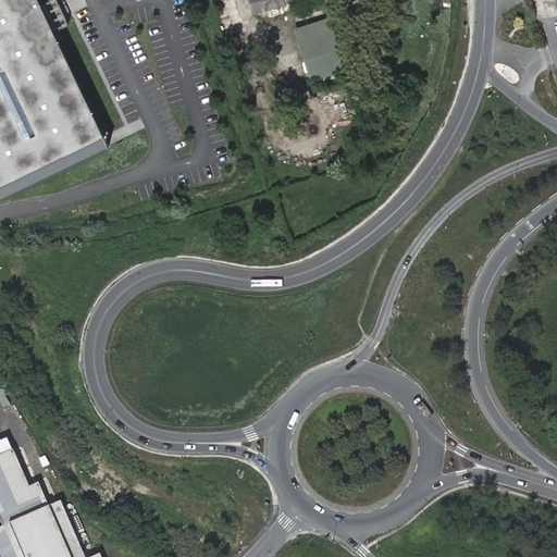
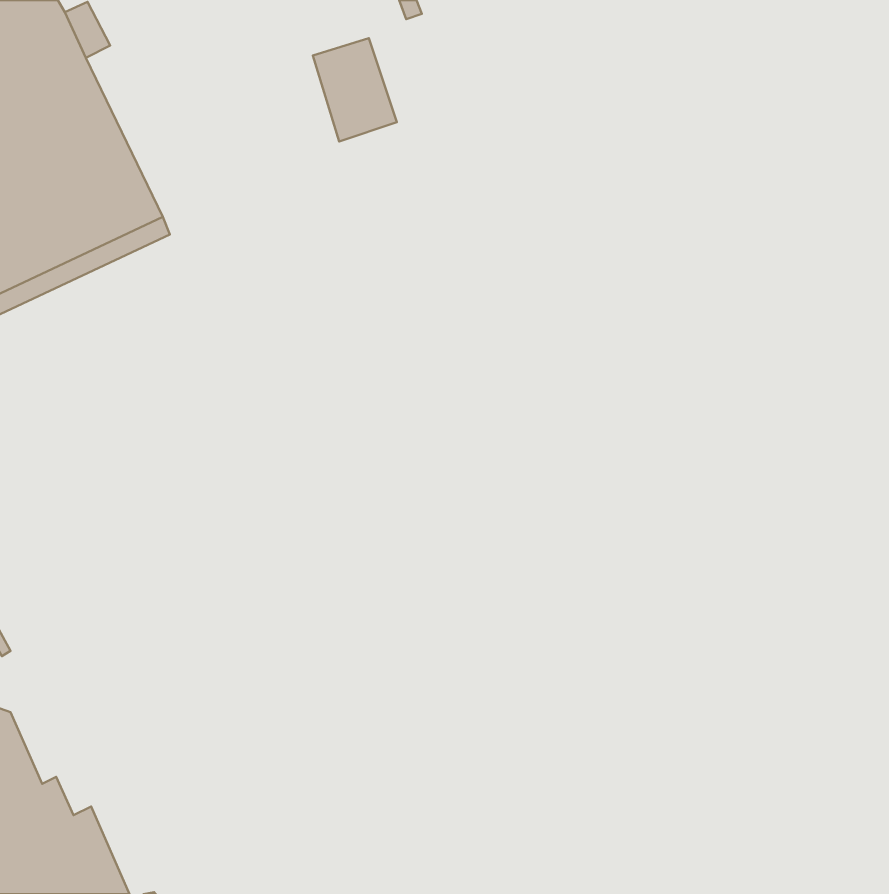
building: [290,17,343,82] -> [313,38,397,141]

